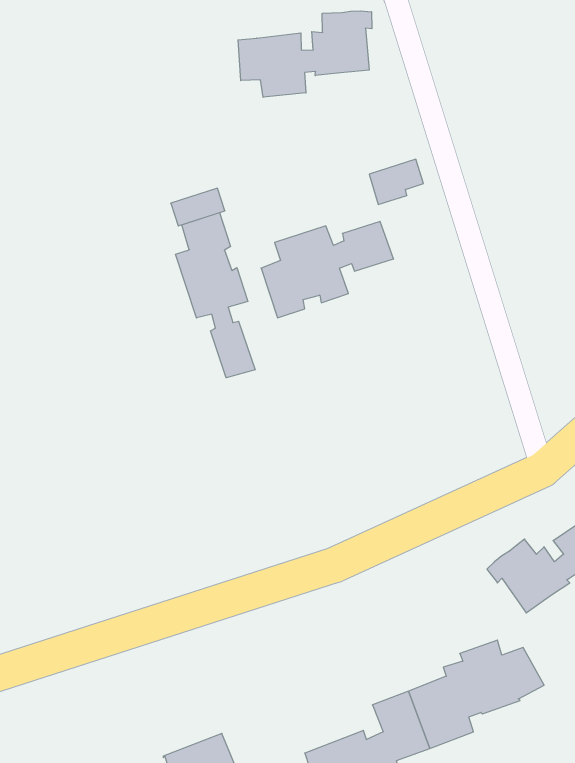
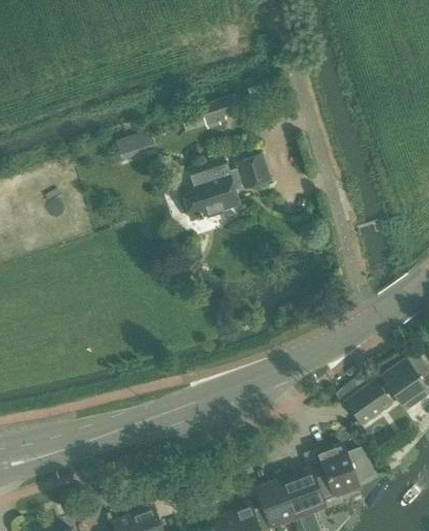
building: [238,11,372,97] -> none
building: [369,159,423,204] -> [202,97,239,129]
building: [176,213,255,378] -> none

